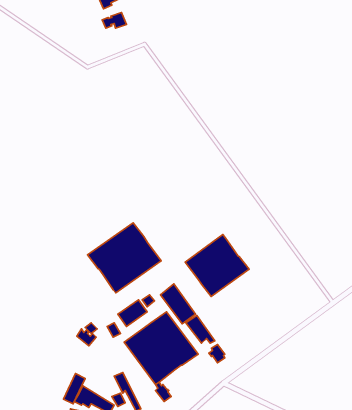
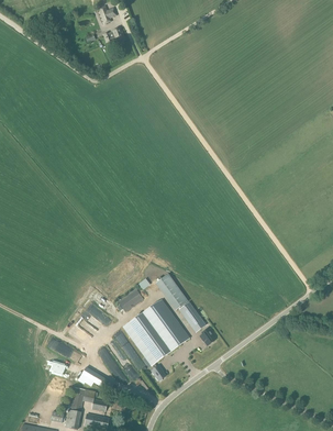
building: [88,223,161,293] -> none
building: [185,235,249,297] -> none

